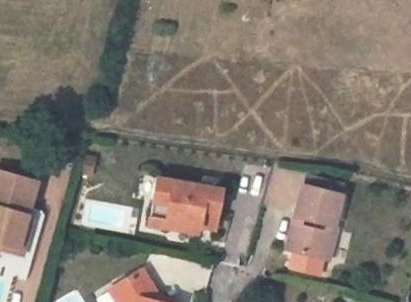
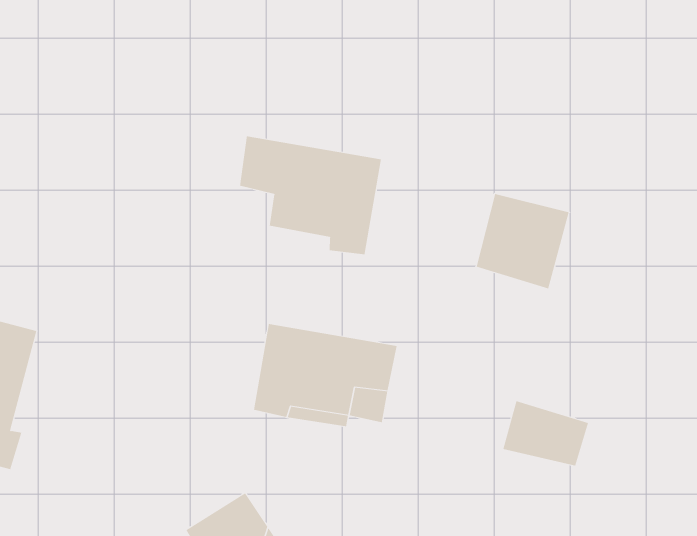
building: none -> [239,135,382,255]
building: [289,184,339,235] -> [476,193,570,289]

